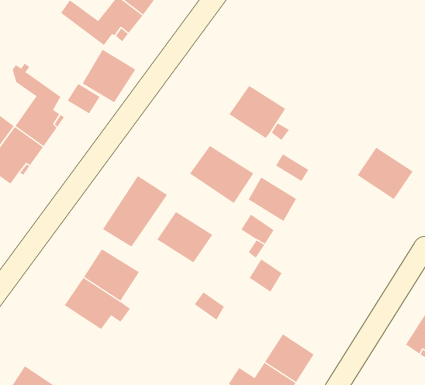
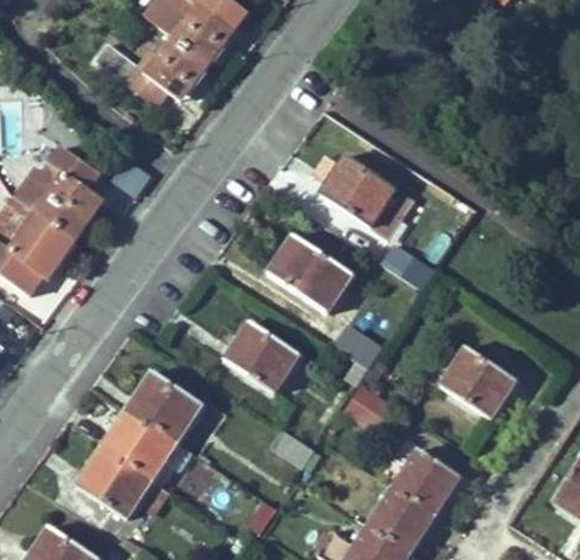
building: [82,49,136,103] -> none
building: [357,147,414,200] -> [441,346,516,416]
building: [102,175,168,247] -> none
building: [248,176,297,222] -> none
building: none -> [80,446,184,526]
building: none -> [392,446,459,512]

